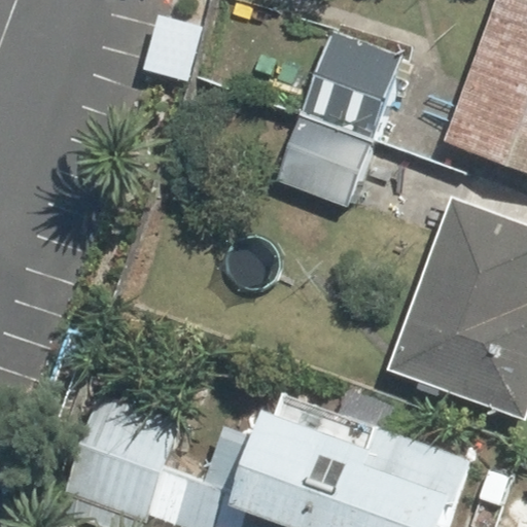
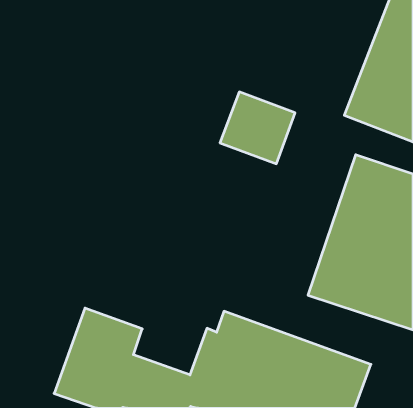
building: [309,31,410,135] -> none

